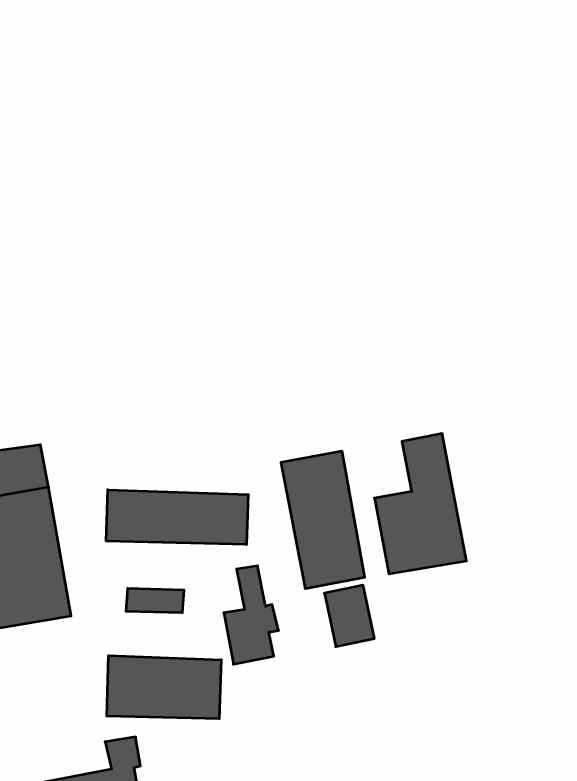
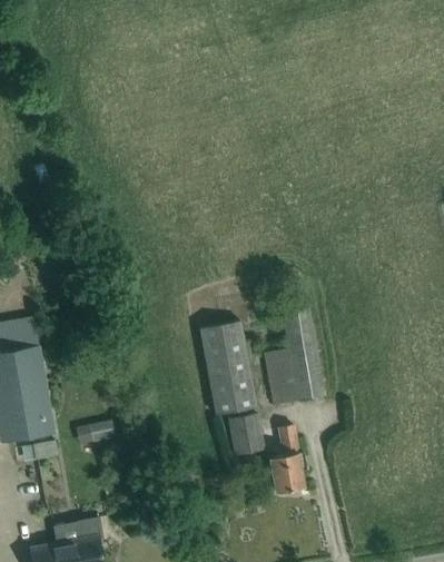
building: [106,490,248,545] -> none
building: [224,566,279,664] -> [268,426,306,494]
building: [107,656,221,719] -> none

